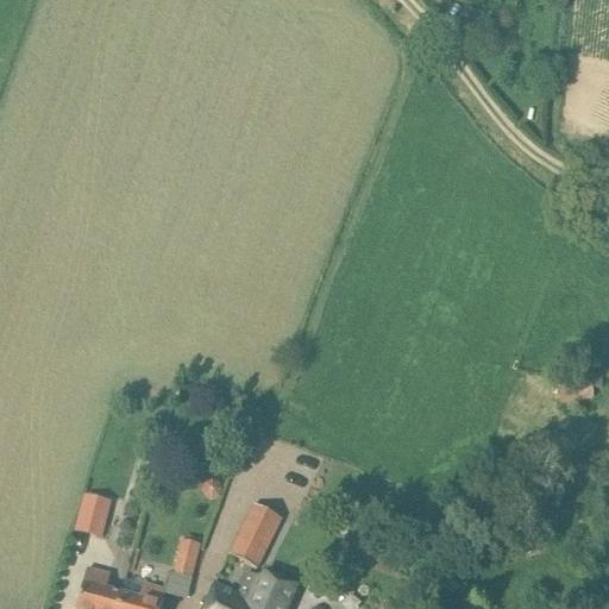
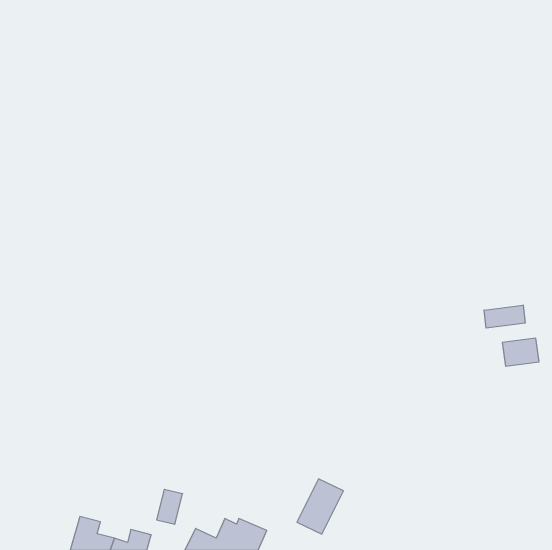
building: none -> [484,305,525,328]
building: [74,494,112,538] -> none
building: [231,506,282,566] -> [297,479,343,534]

